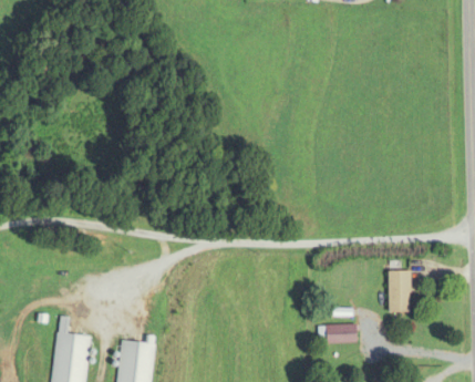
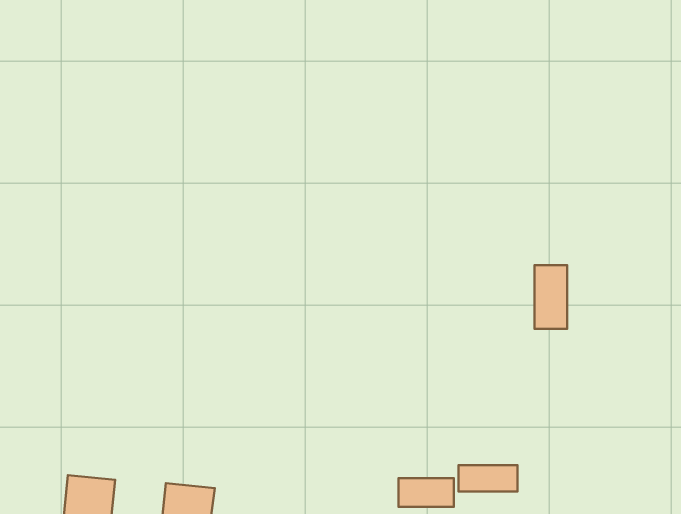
building: [390,270,412,313] -> [534,265,567,329]
building: none -> [399,478,454,507]

